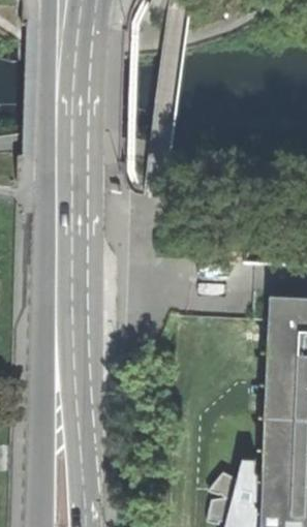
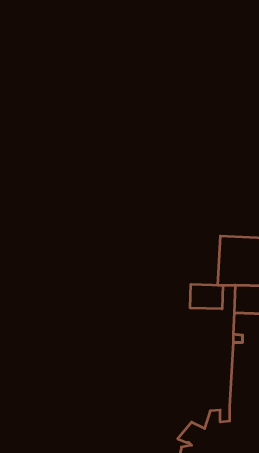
building: none -> [190,284,223,309]

